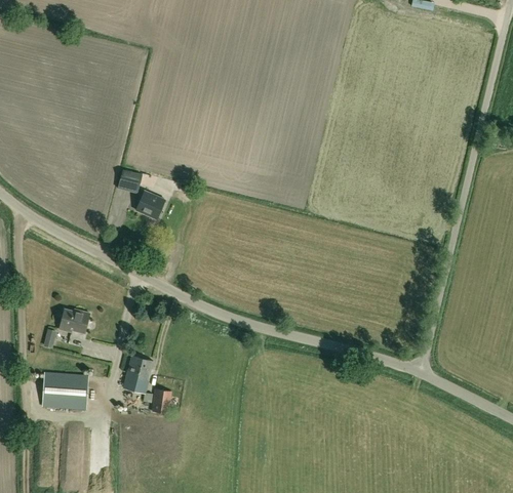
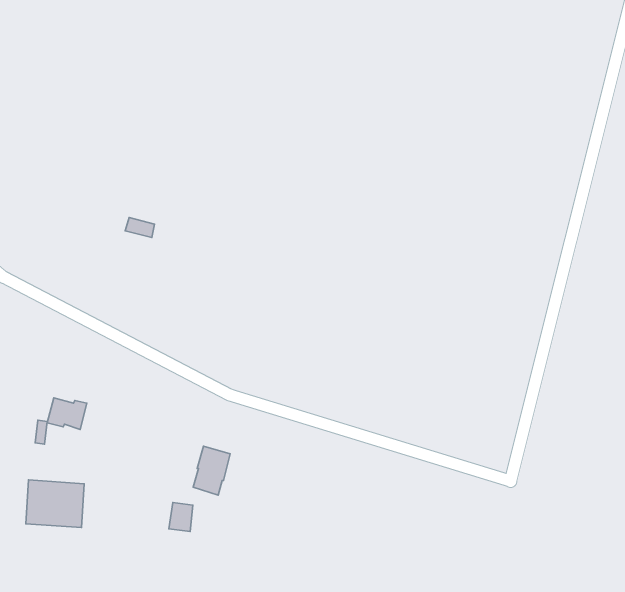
building: [135,191,165,220] -> none
building: [124,356,153,394] -> [193,446,230,495]

